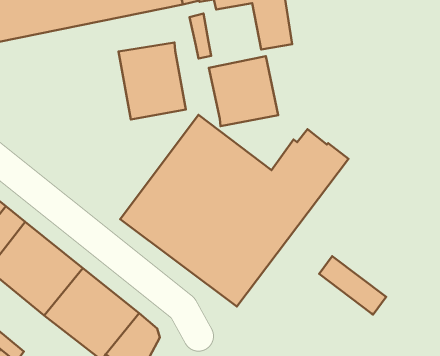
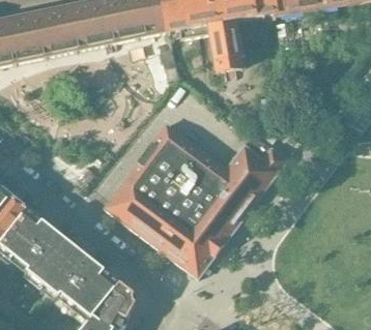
building: [119,42,186,120] -> none
building: [209,56,278,126] -> none
building: [319,256,386,315] -> none

